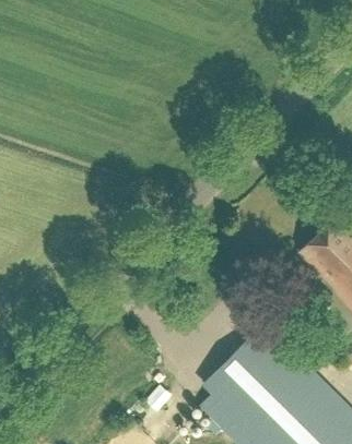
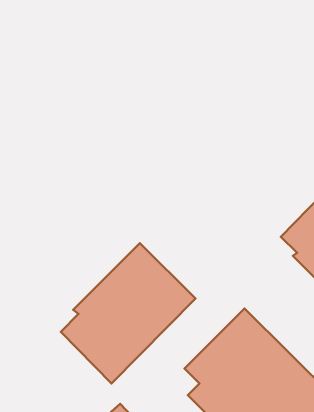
building: none -> [61,243,196,383]

